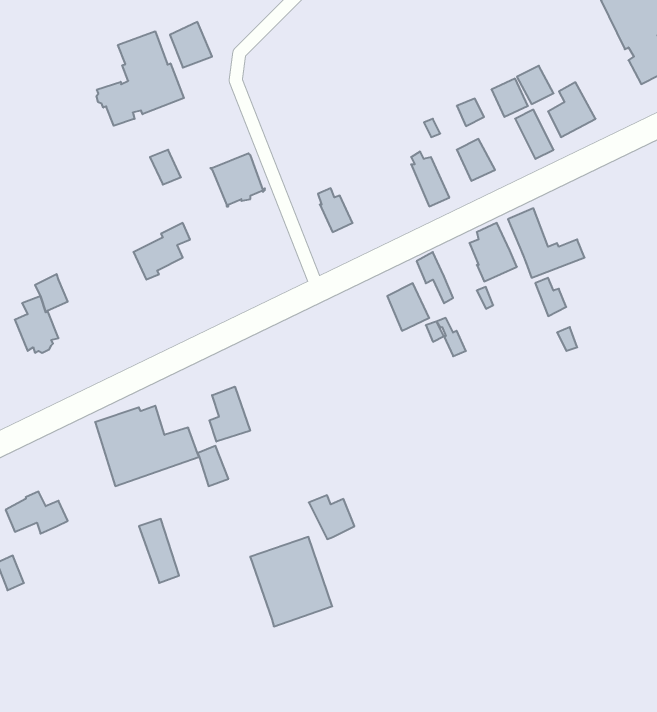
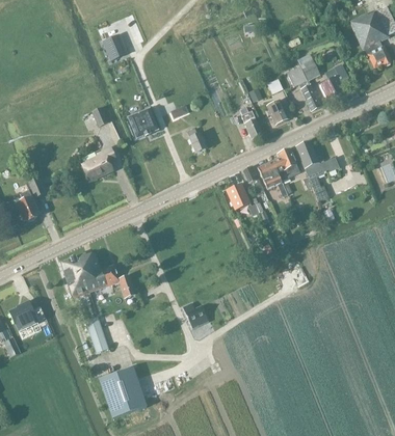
building: [97,31,184,126] -> none
building: none -> [258,160,282,189]
building: [209,387,250,442] -> none
building: [250,537,332,626] -> [100,367,147,418]

